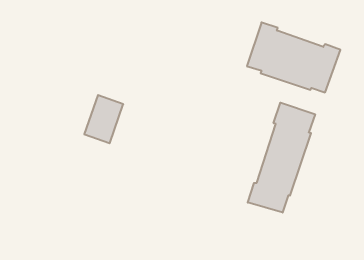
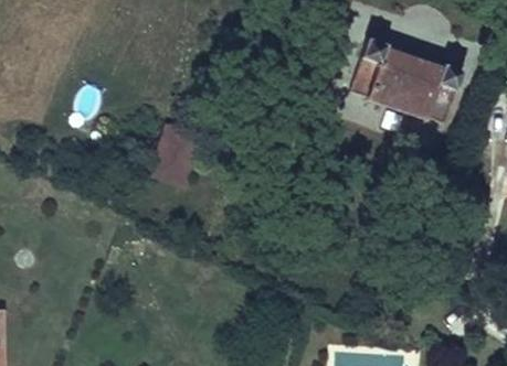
building: [248,103,315,213] -> none

